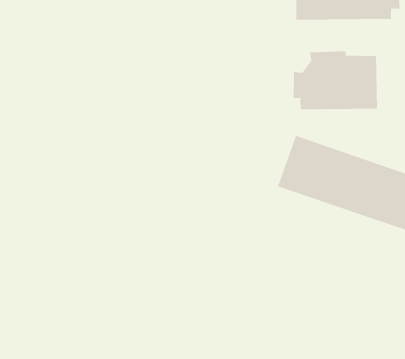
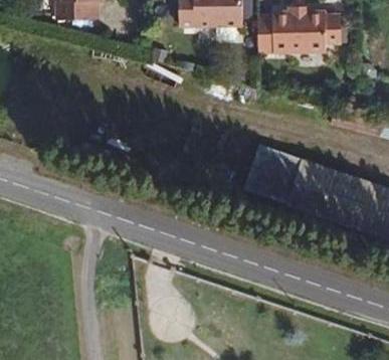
building: [293,51,378,110] -> none

